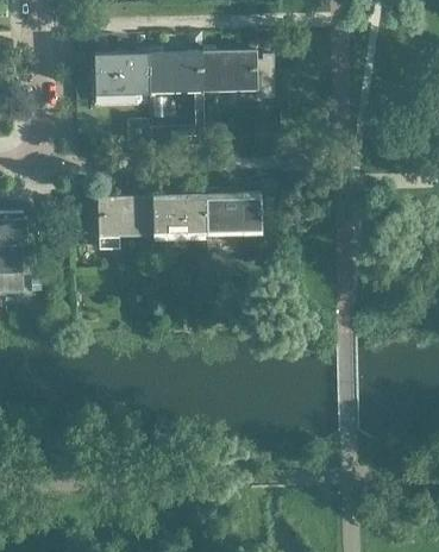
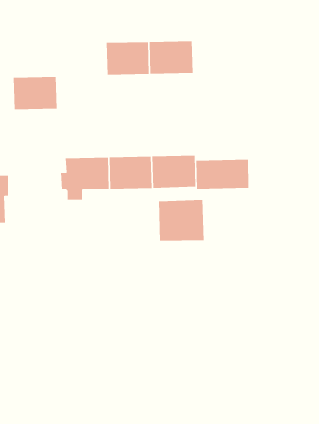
building: [94,54,150,95] -> [13,77,57,110]
building: none -> [196,159,249,190]
building: none -> [158,199,204,241]

